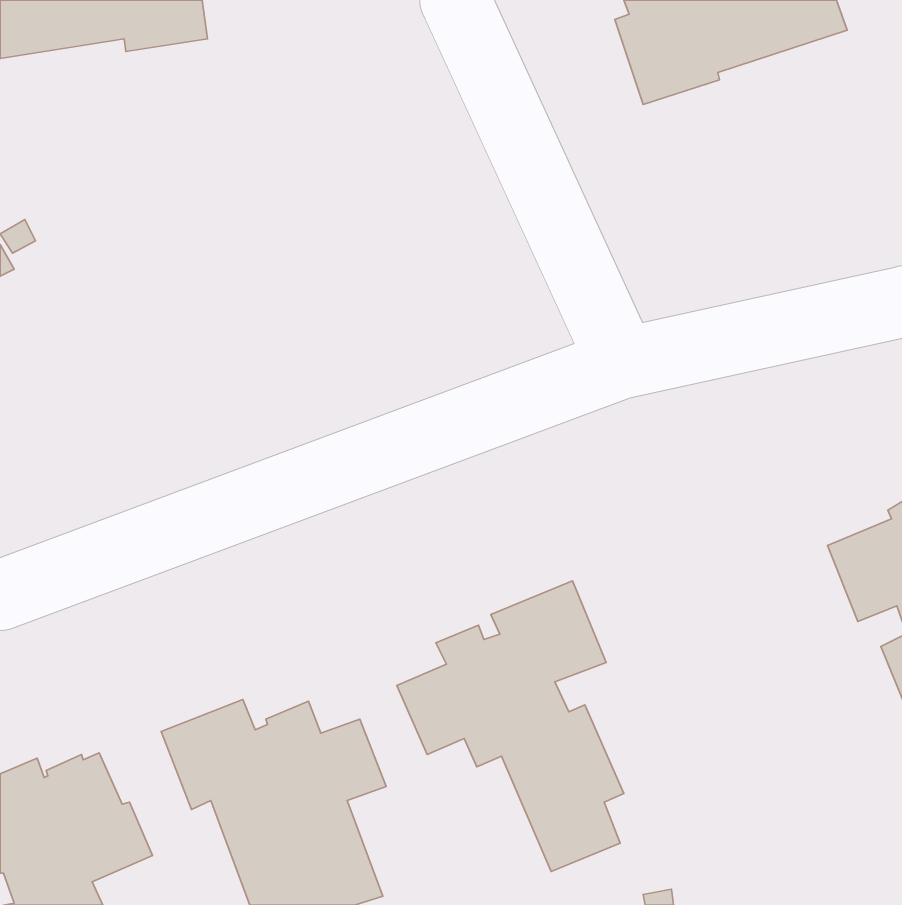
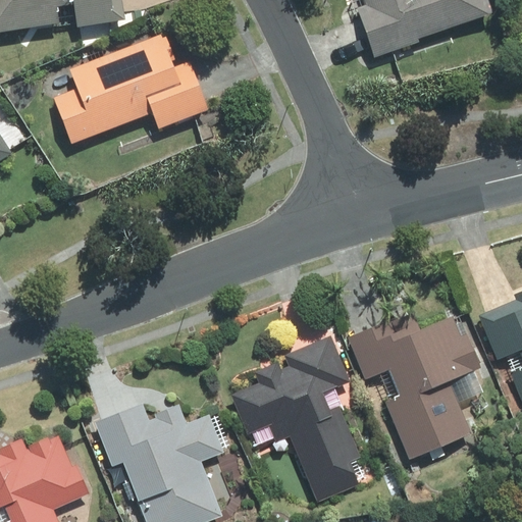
building: none -> [52,36,206,147]
building: none -> [347,311,480,458]

